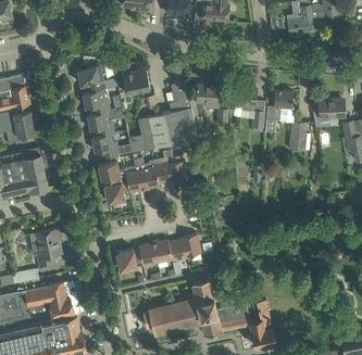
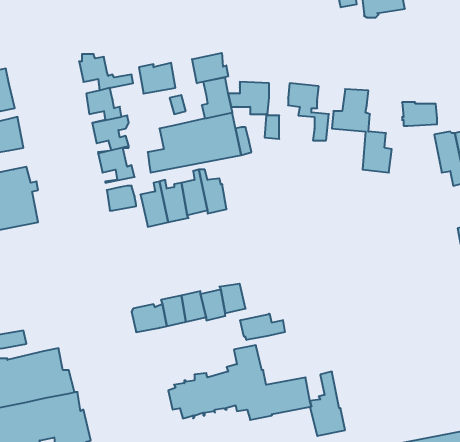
building: none -> [192,53,228,83]
building: [102,168,128,203] -> none
building: [28,229,61,268] -> none
building: none -> [240,314,285,340]

